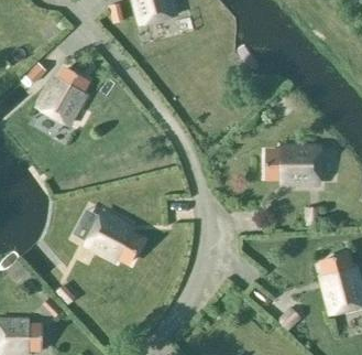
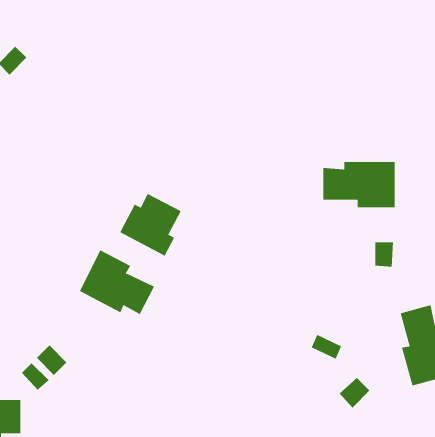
building: [39,68,87,125] -> none
building: none -> [119,193,181,257]

